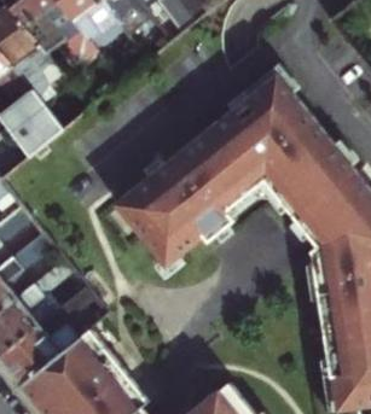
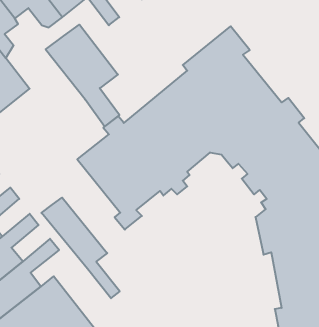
building: none -> [46,25,119,126]
building: none -> [41,198,120,298]

